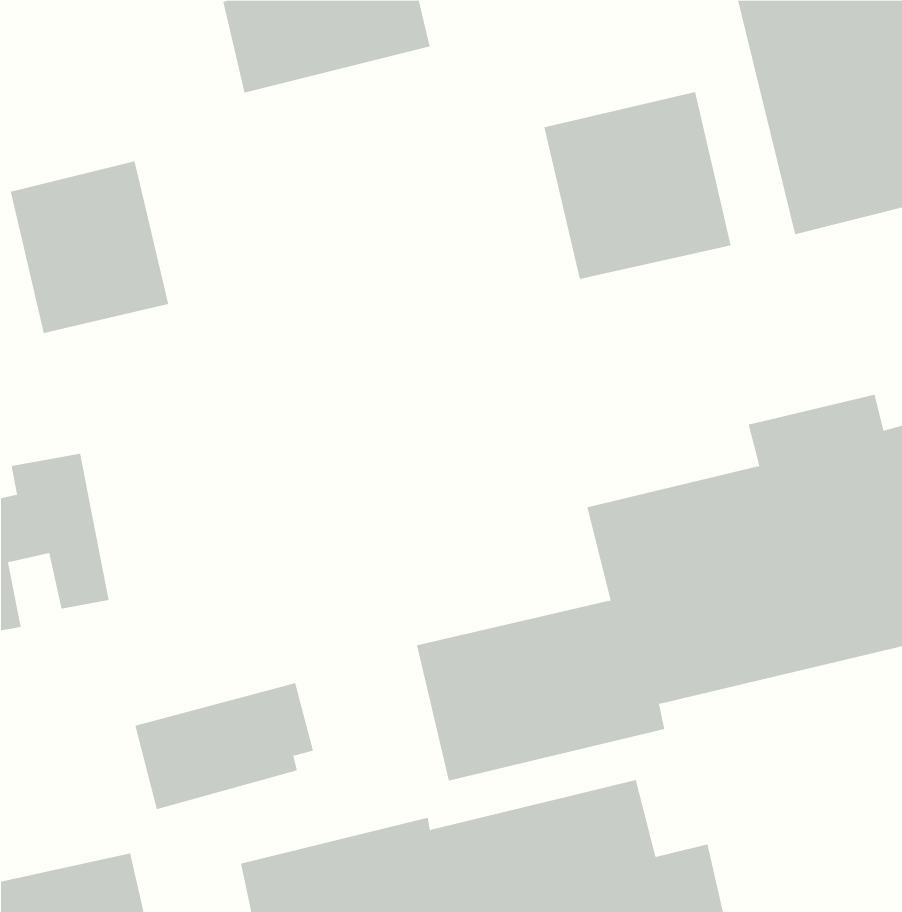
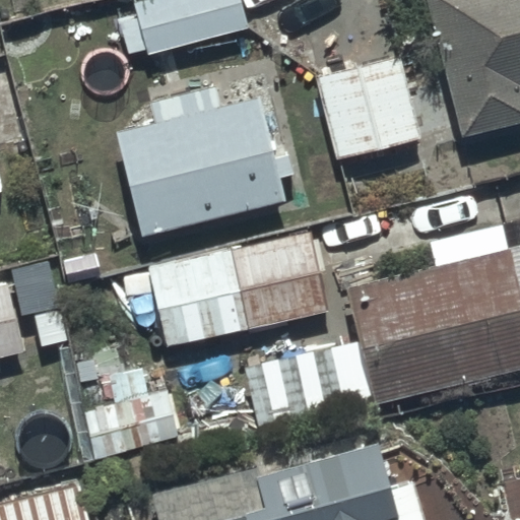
building: none -> [116,87,302,236]
building: [10,160,169,334] -> none
building: none -> [147,232,331,346]

